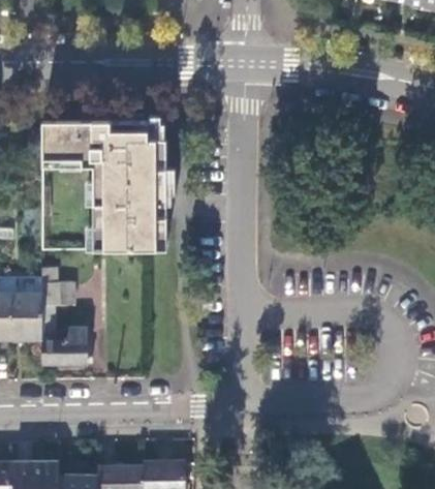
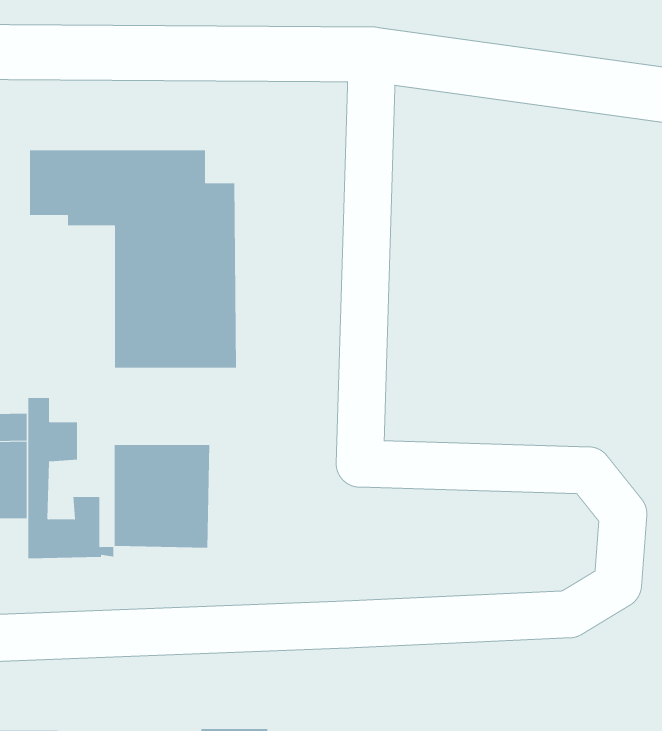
building: none -> [114,444,210,549]

